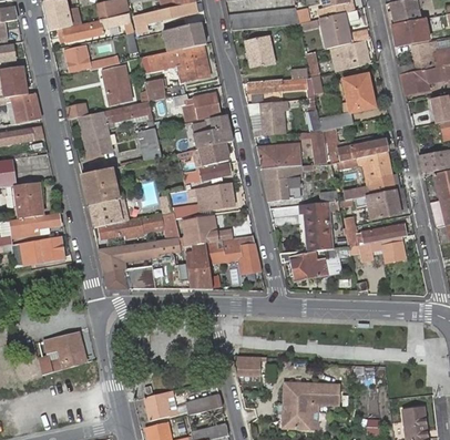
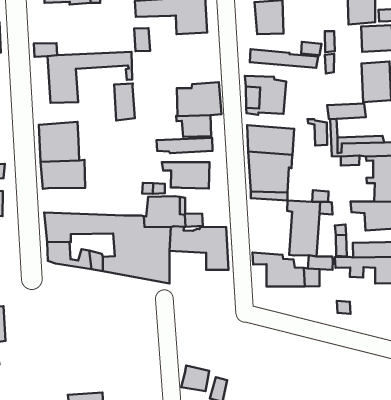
building: [102,66,133,105] -> none
building: [172,93,218,117] -> none
building: [98,214,180,239] -> none

